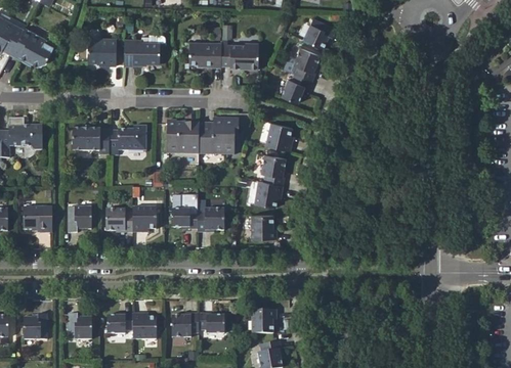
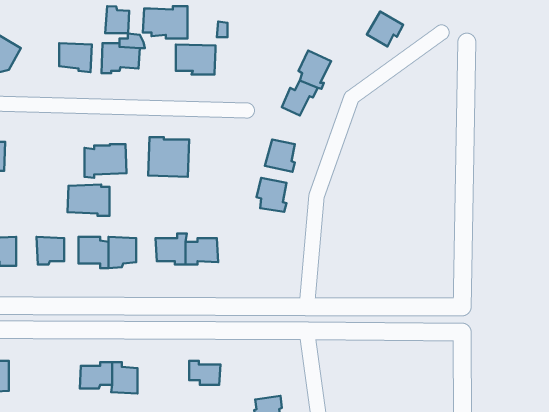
building: none -> [105,6,129,33]
building: [304,19,335,49] -> [367,12,403,46]
building: [221,44,259,72] -> [143,6,187,39]
building: [199,121,238,155] -> none
building: [75,128,111,154] -> [67,184,109,216]
building: [252,181,281,206] -> none
building: [251,215,276,239] -> none
building: [249,310,273,334] -> none
building: [70,311,94,337] -> none
building: [174,311,200,335] -> none

